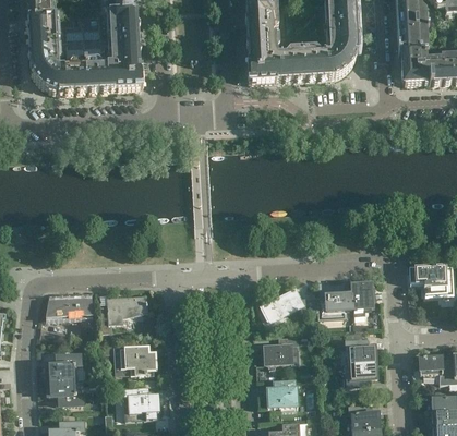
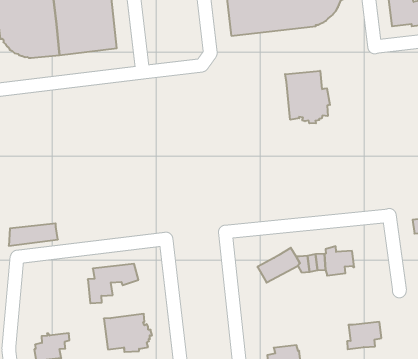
building: none -> [285,71,330,123]
building: [351,283,375,313] -> none
building: [46,296,93,315] -> [9,223,58,246]
building: [264,335,297,367] -> none
building: [346,339,374,363] -> none

